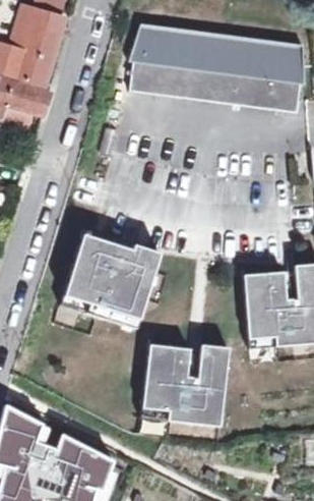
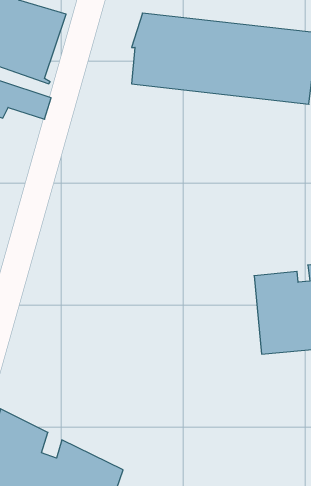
building: [62,234,161,328] -> none
building: [143,343,231,426] -> none

